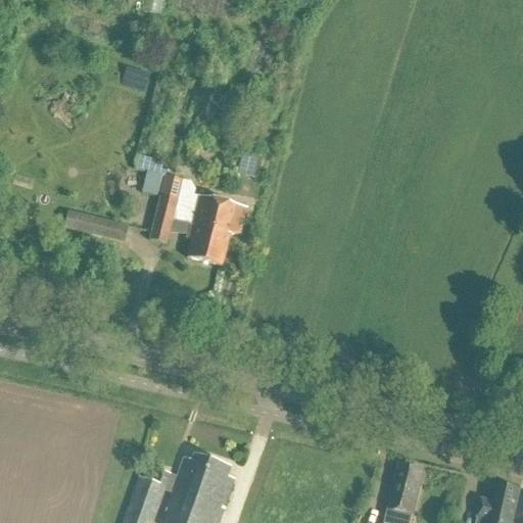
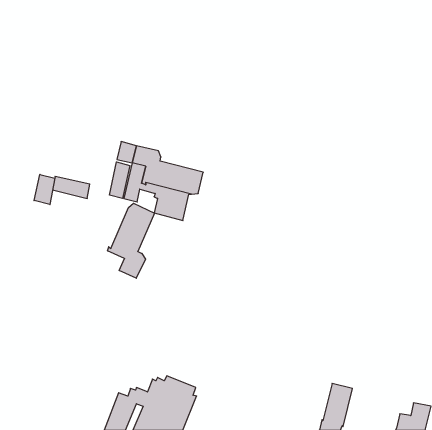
building: none -> [110,162,130,198]
building: none -> [34,174,55,205]
building: none -> [108,203,155,278]

